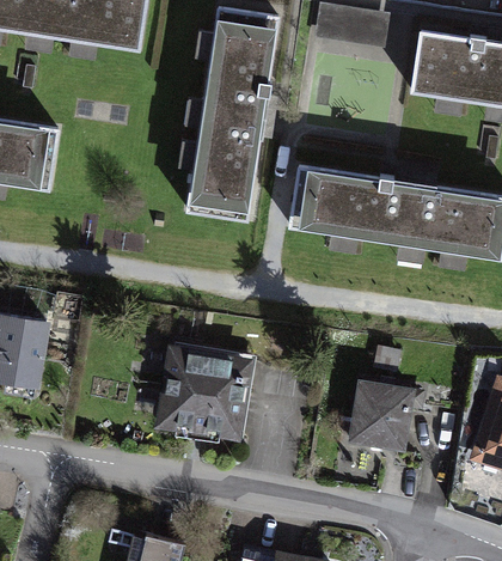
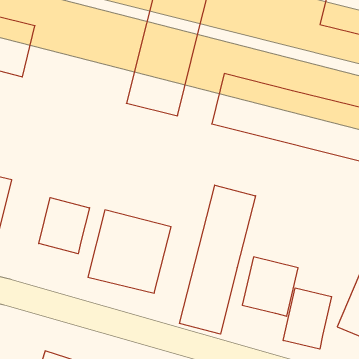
building: none -> [180,185,256,334]
building: none -> [39,198,90,254]
building: none -> [283,288,332,349]

